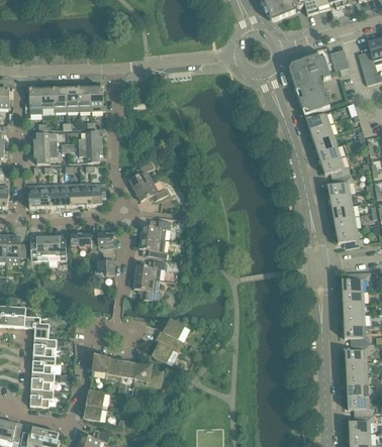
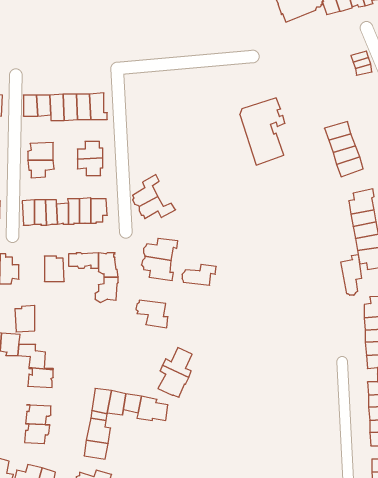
building: [289,53,330,115] -> [240,98,285,165]
building: [320,155,350,178] -> none
building: none -> [341,255,362,295]
building: [30,235,49,259] -> [15,305,35,332]
building: [134,259,166,278] -> [182,264,216,285]
building: [32,354,56,372] -> none

